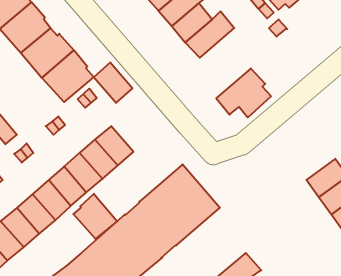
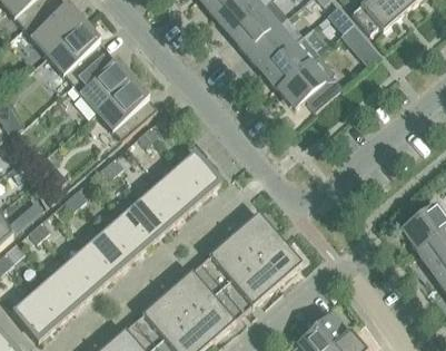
building: [94,63,132,103] -> [176,152,220,198]
building: [216,68,271,117] -> [278,55,341,111]
building: [73,194,117,239] -> none

